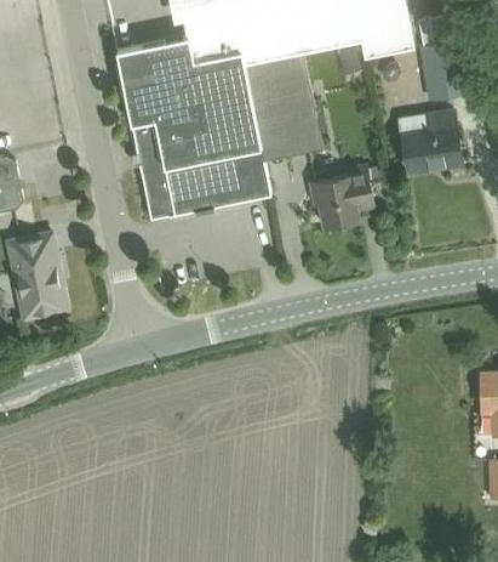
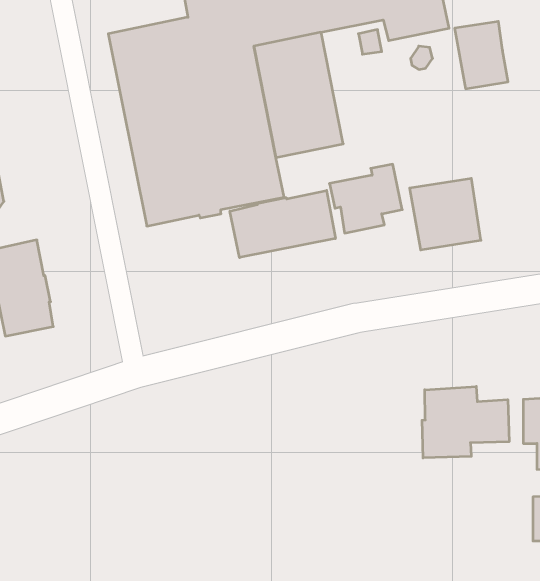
building: [399,108,462,171] -> [410,178,481,250]
building: none -> [230,190,335,258]
building: none -> [422,386,509,458]

